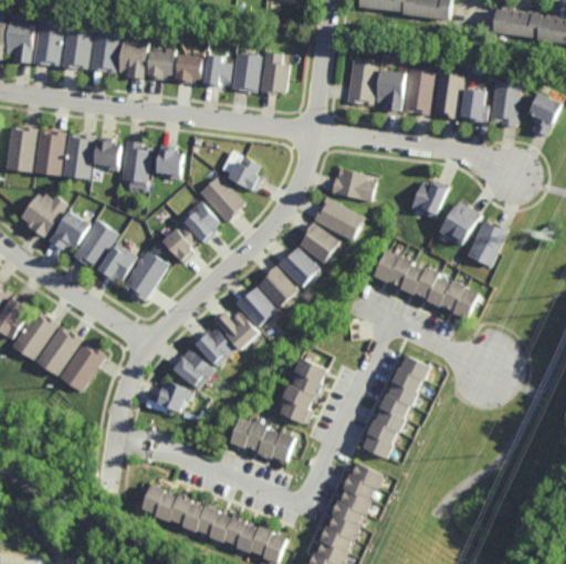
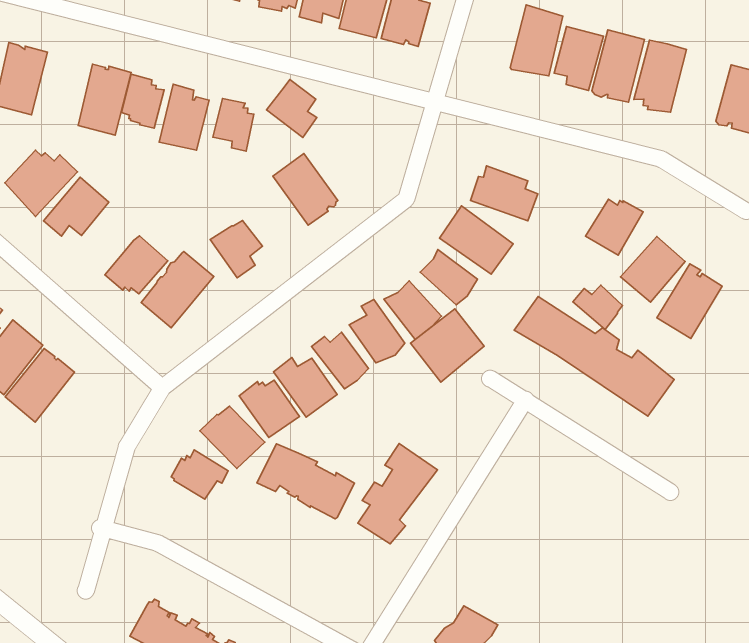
building: [459,86,486,122] -> none
building: [33,129,65,175] -> none
building: [227,155,261,192] -> [266,79,317,137]
building: [178,201,218,244] -> none
building: [72,220,114,270] -> none
building: none -> [573,285,622,330]
building: none -> [410,309,484,382]
building: [61,343,103,390] -> none
building: [360,355,428,460] -> none
building: [229,419,294,464] -> [257,444,355,519]

